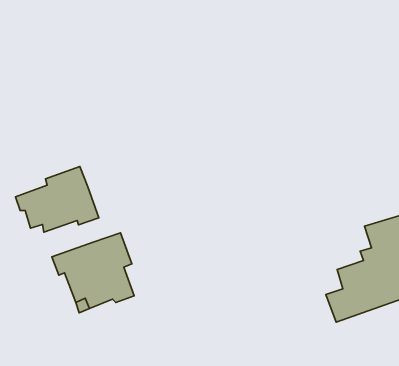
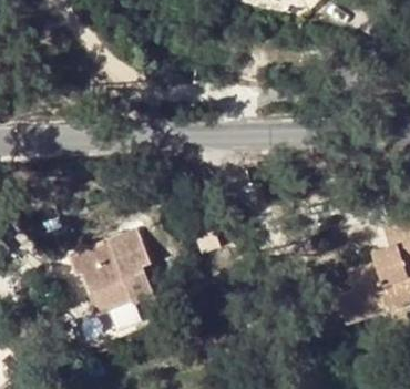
building: [15,167,99,232] -> none

